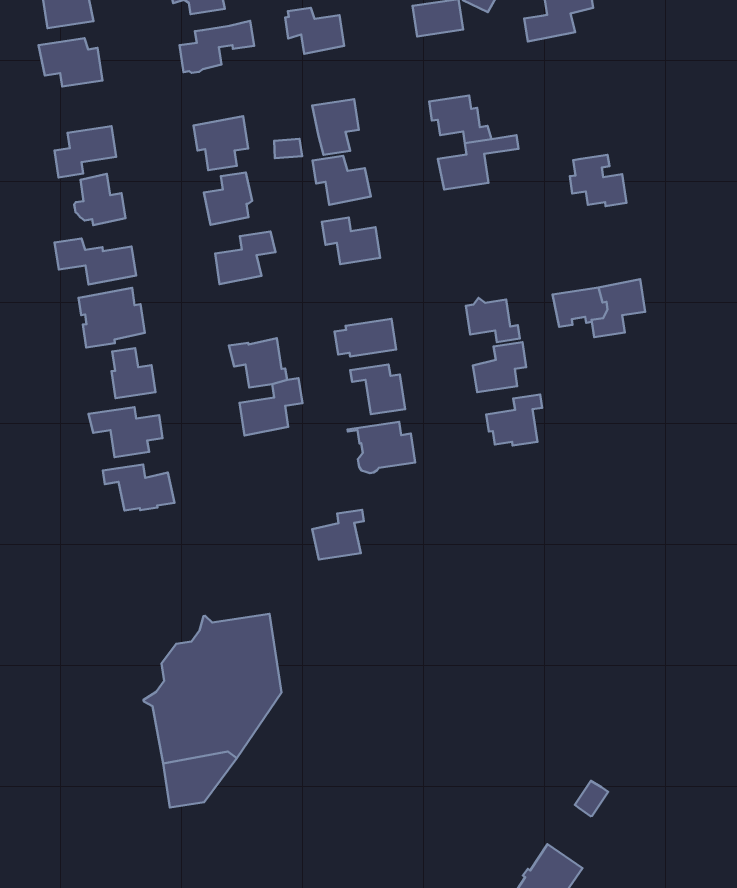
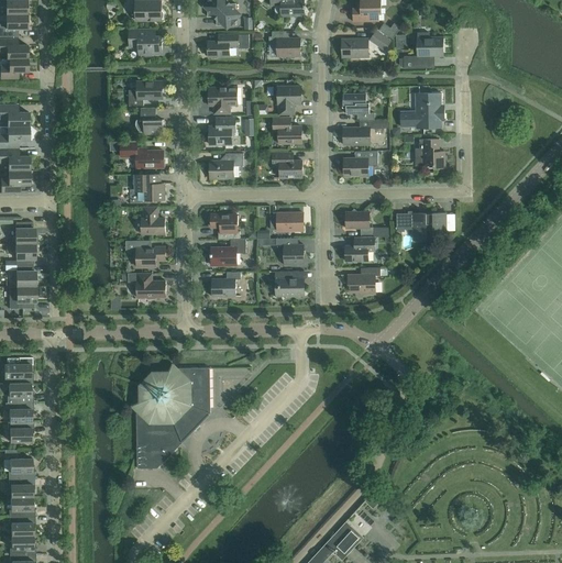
building: none -> [399,92,443,128]
building: none -> [343,151,377,176]
building: [312,510,364,559] -> [210,272,240,296]

